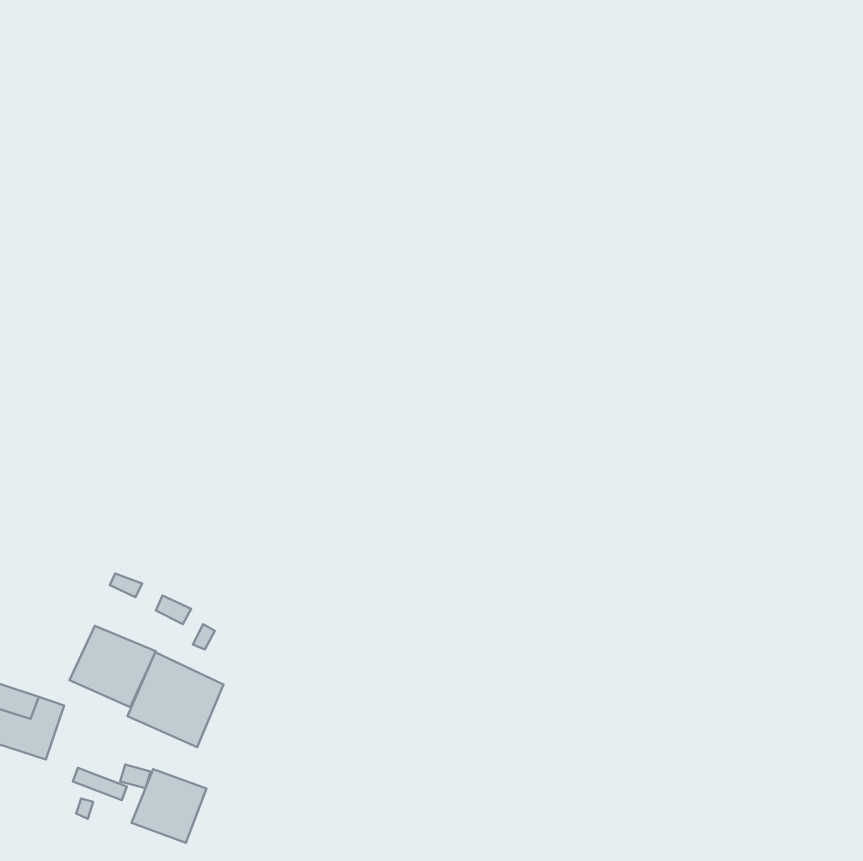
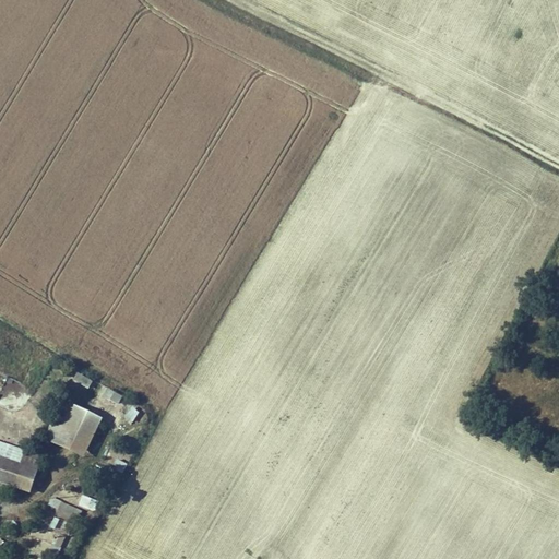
building: [127,652,224,747] -> none
building: [131,769,207,843] -> none

